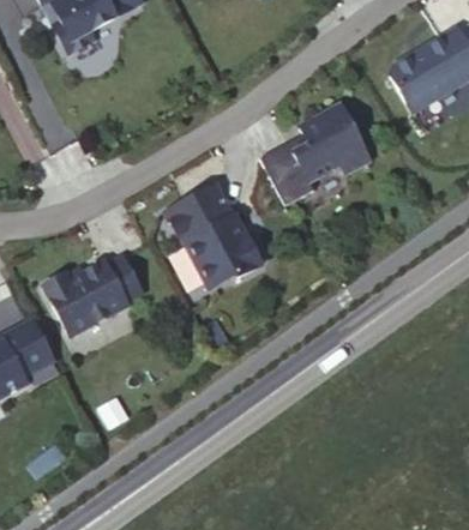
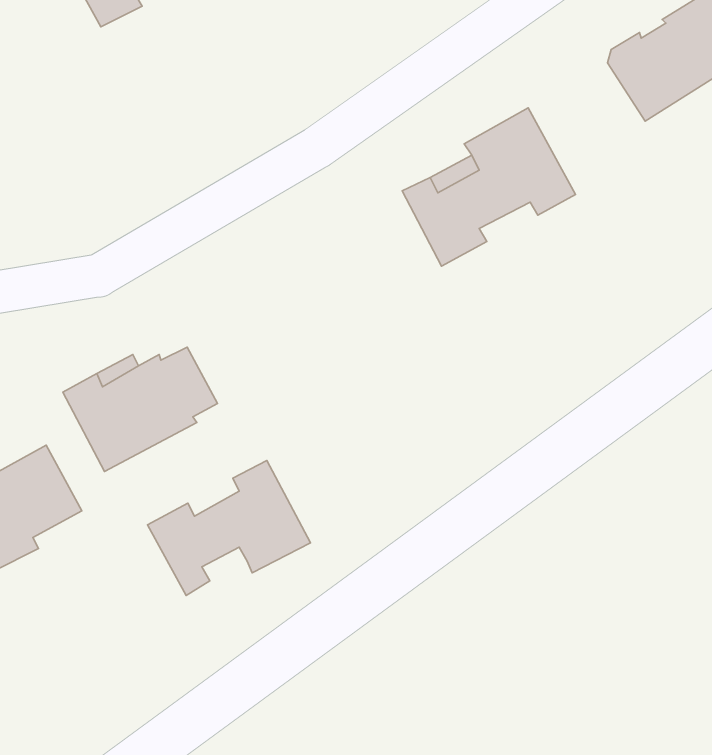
building: [166,185,265,288] -> none
building: none -> [147,460,311,595]

